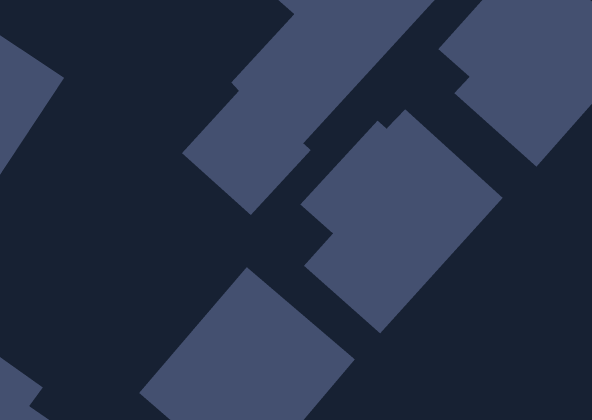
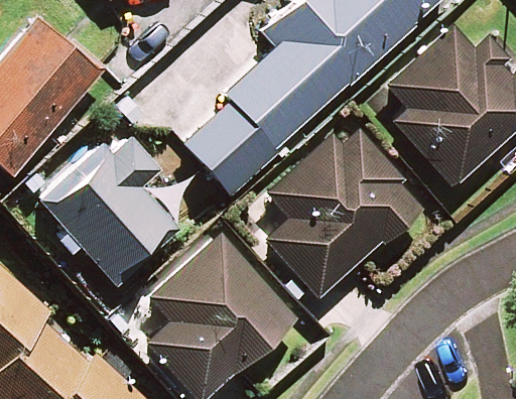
building: none -> [40,130,178,287]

